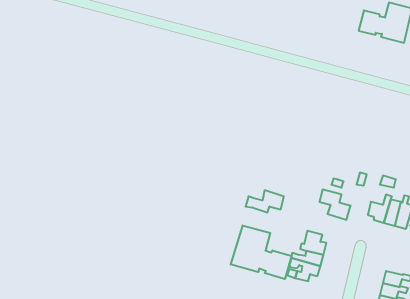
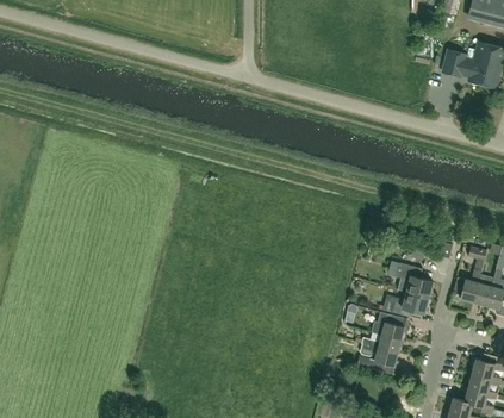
building: [245,190,284,212] -> [382,292,428,318]
building: [231,225,291,279] -> none

